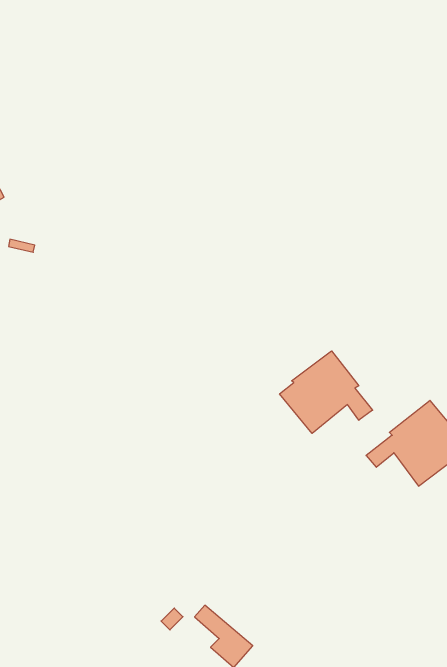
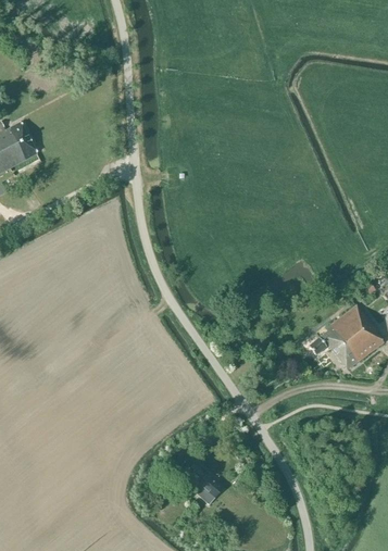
building: [280,351,373,433] -> none

